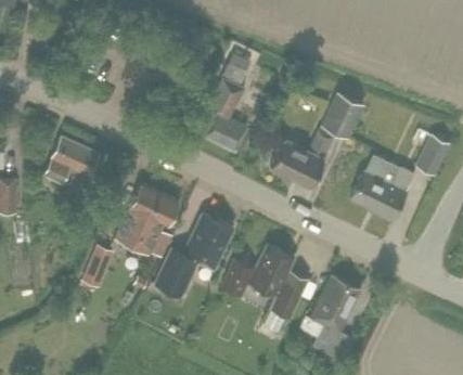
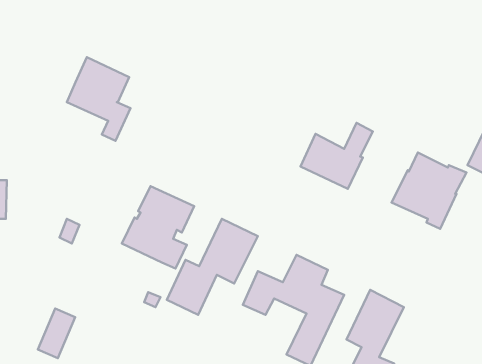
building: [203,52,250,150] -> none
building: [320,91,364,140] -> none
building: [43,135,99,208] -> [67,57,130,141]
building: [81,244,114,287] -> [38,308,75,358]

